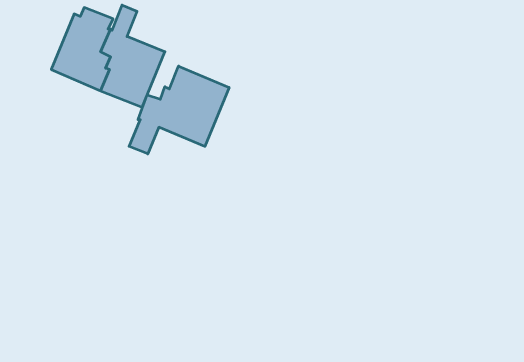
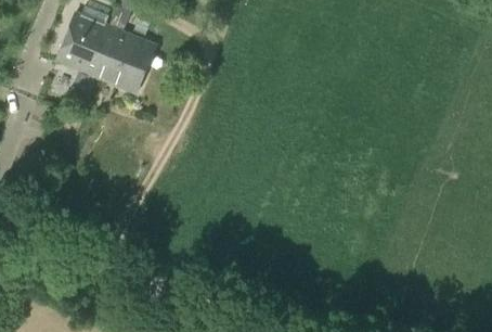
building: [129,66,229,154] -> none

